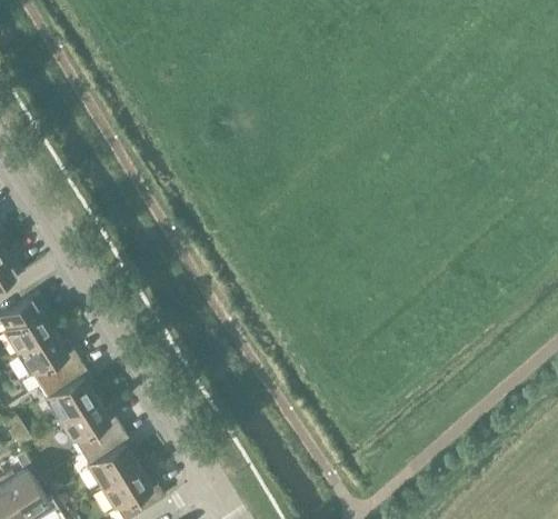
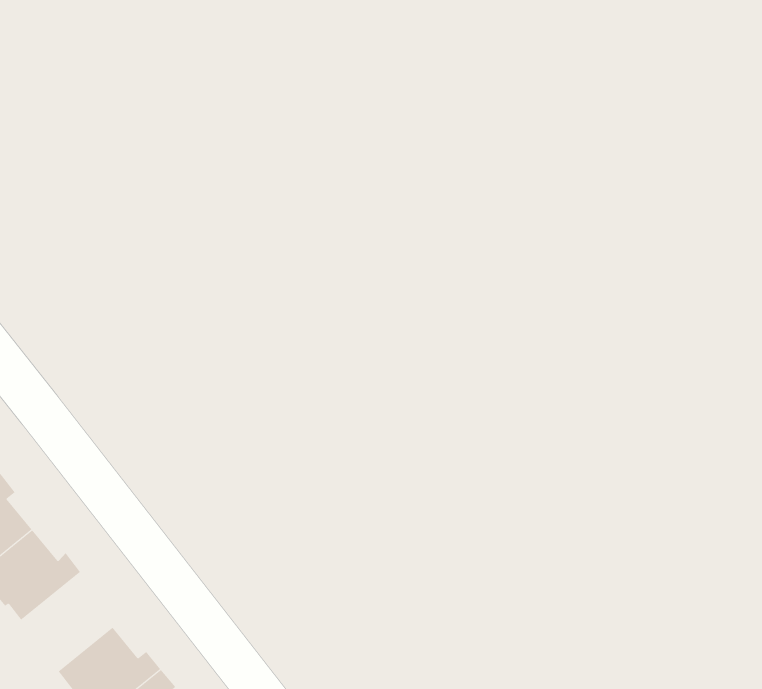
building: [40,362,97,422] -> none

